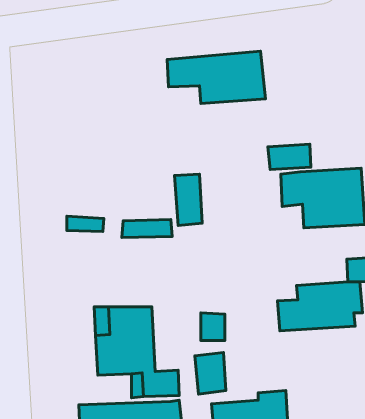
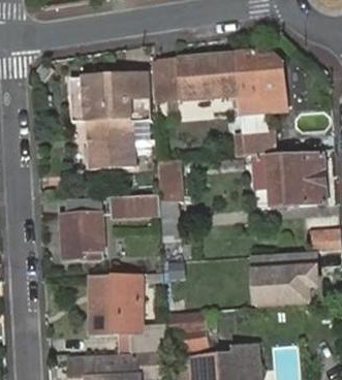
building: none -> [234,51,285,112]
building: none -> [67,75,151,166]
building: none -> [60,212,100,257]

